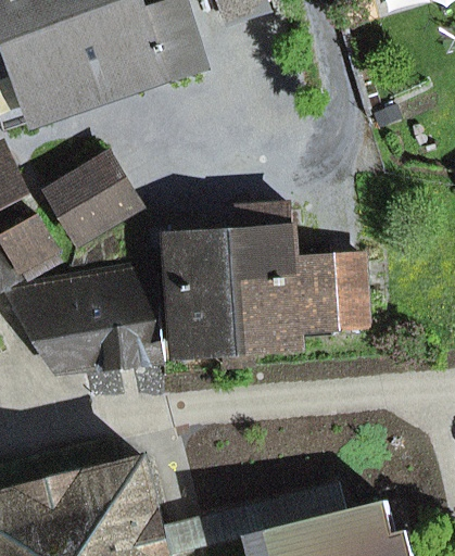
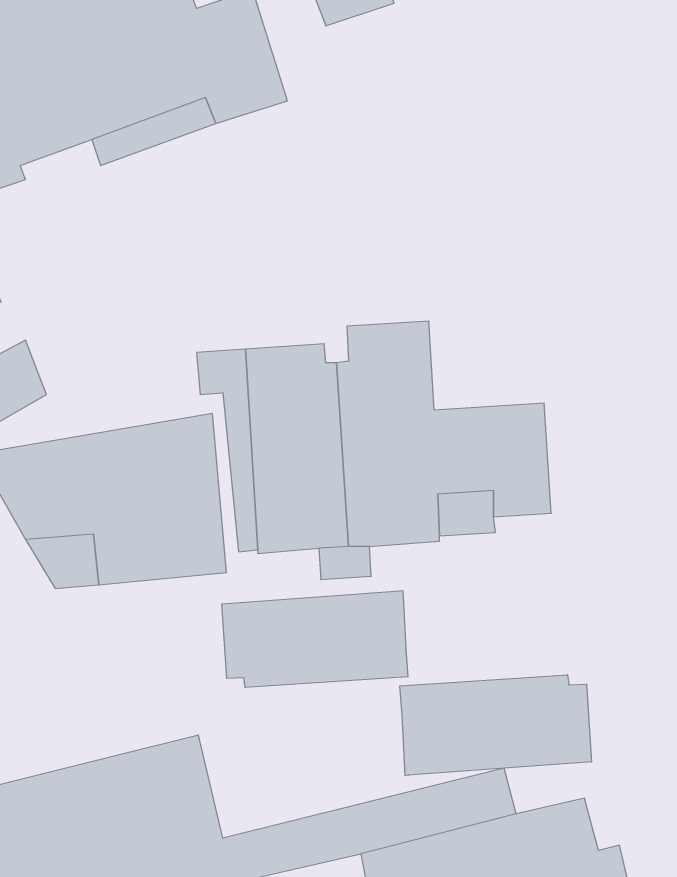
building: [46,153,139,243] -> none
building: none -> [222,591,408,688]
building: none -> [400,675,592,776]

